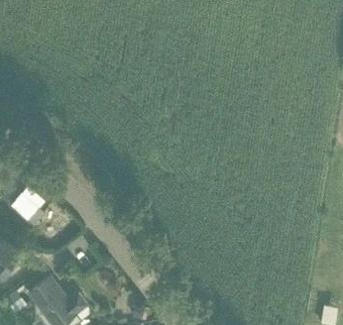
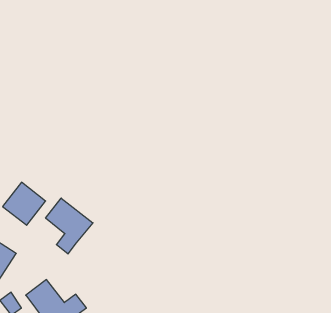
building: none -> [46,198,93,254]

